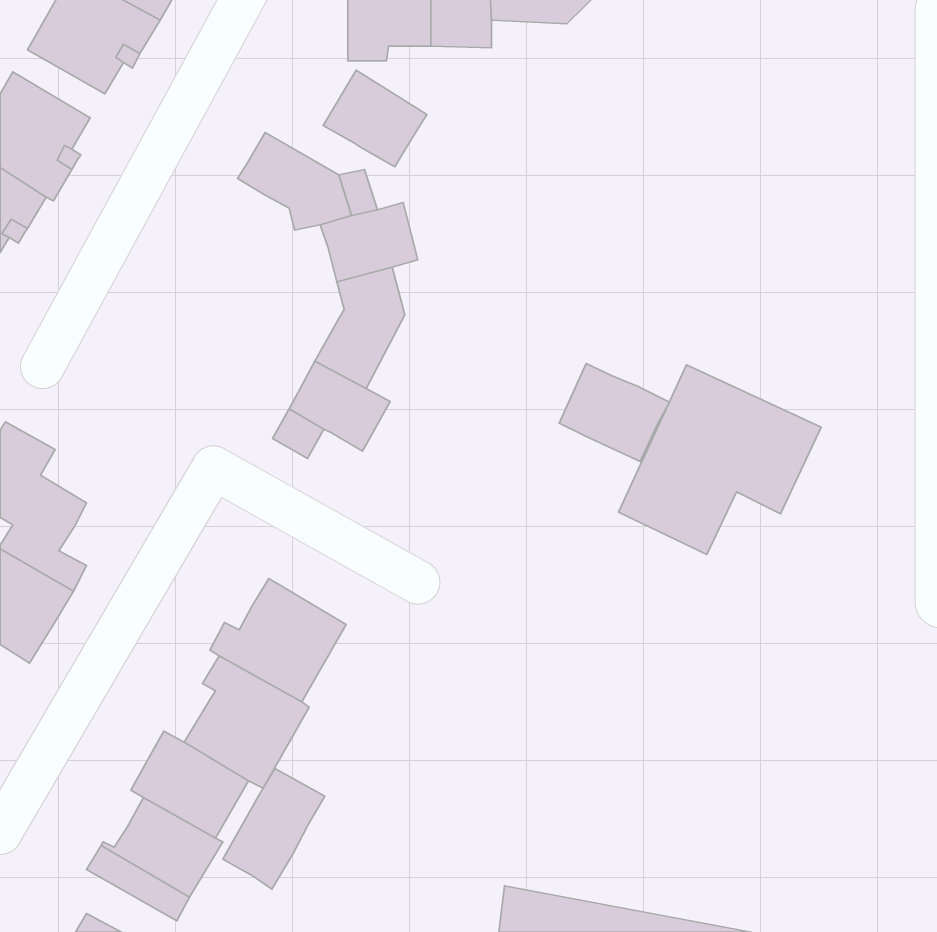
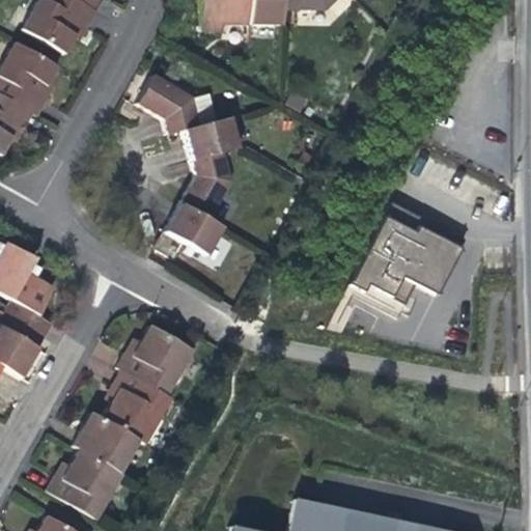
building: [323,70,427,167] -> none
building: [559,363,669,462] -> none
building: [223,768,325,889] -> none

